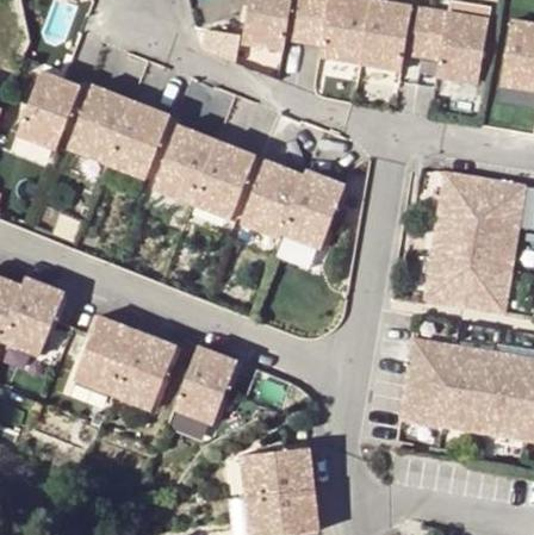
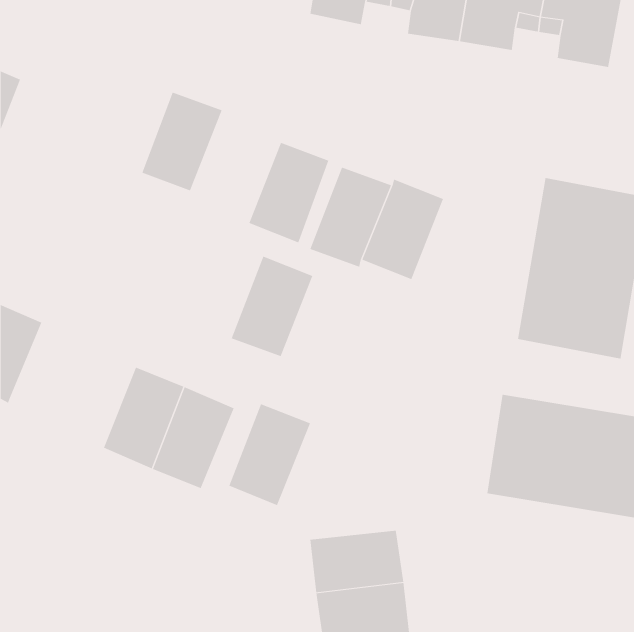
building: [20,73,83,151] -> none
building: [72,87,135,164] -> none
building: [155,125,219,204] -> [231,256,313,357]
building: [10,275,74,354] -> none

